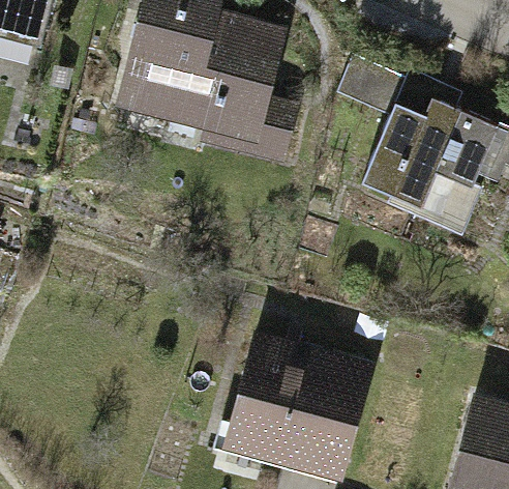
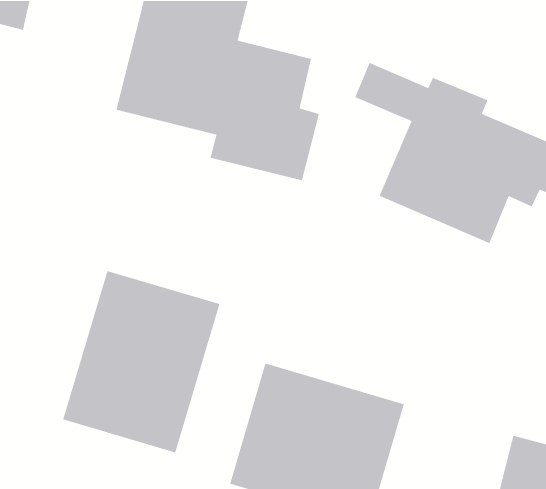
building: none -> [62,270,220,453]

